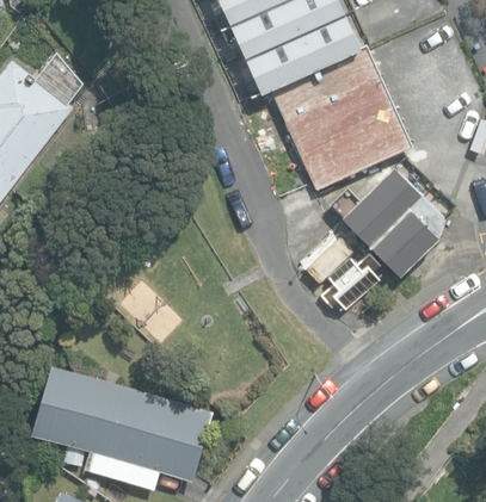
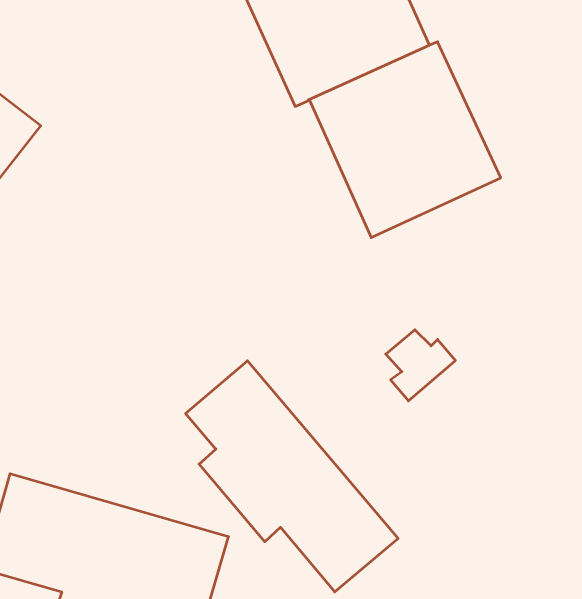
building: [342,167,443,277] -> none
building: none -> [186,361,398,592]

